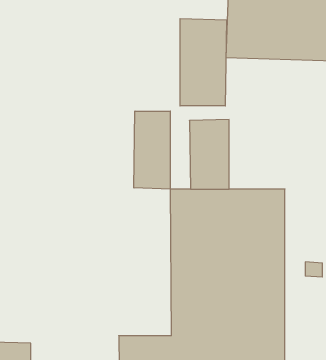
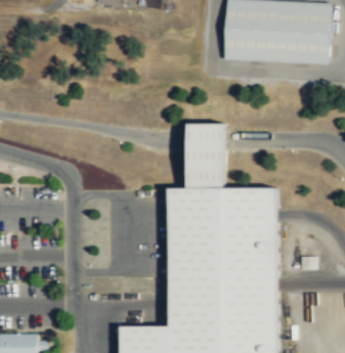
building: [180,19,226,106] -> none
building: [134,111,170,189] -> none

